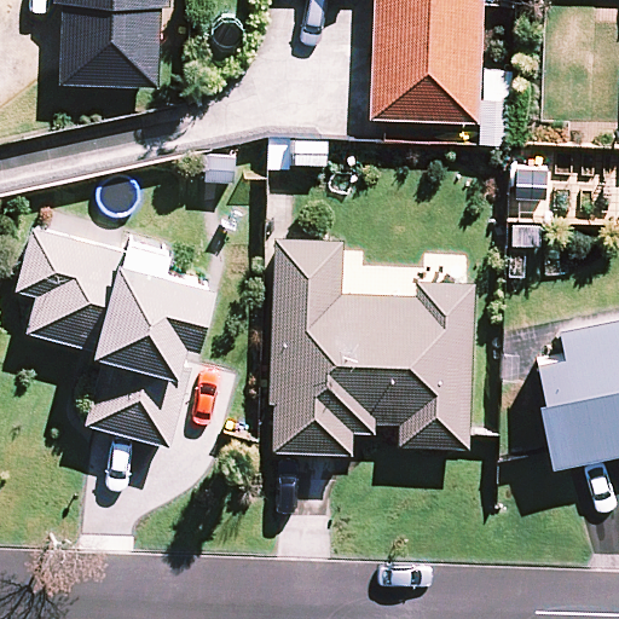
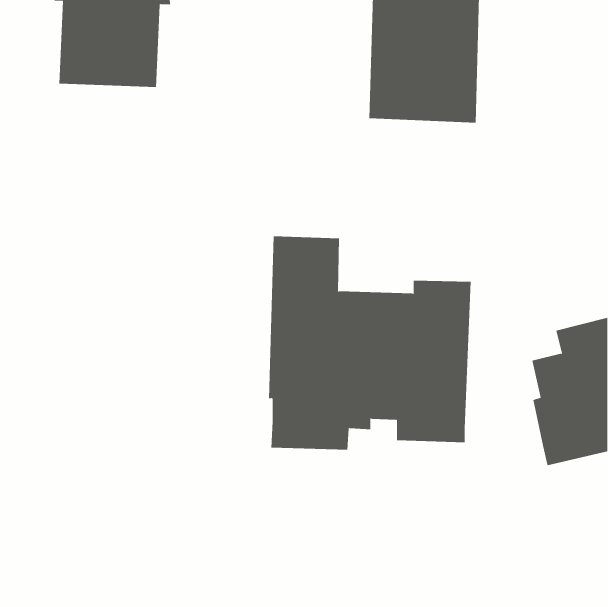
building: [16,227,208,447] -> none

